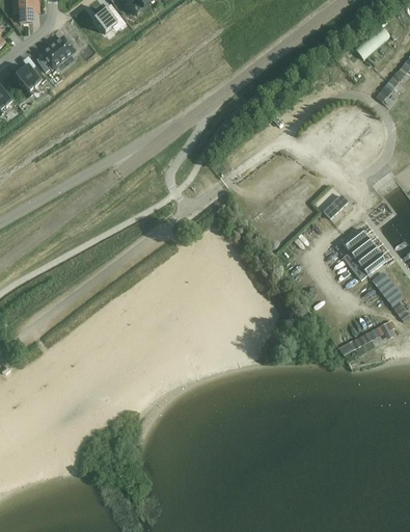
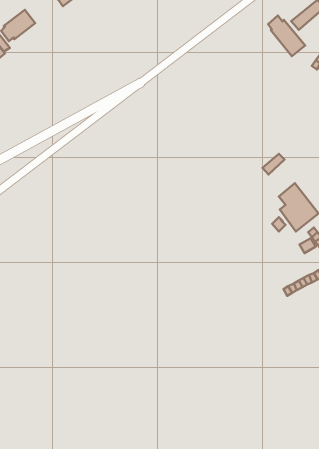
building: none -> [268,15,305,56]

